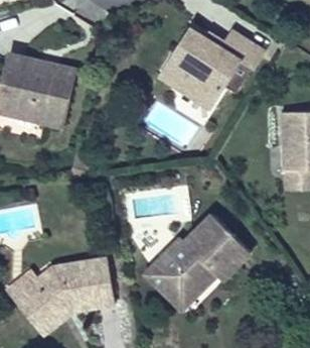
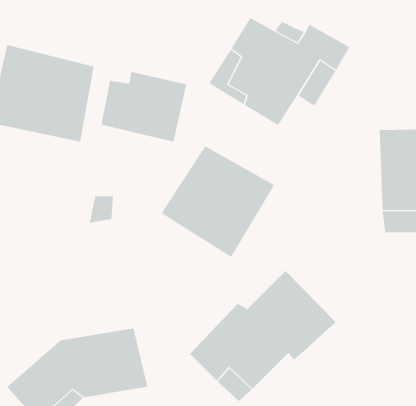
building: none -> [101,71,187,143]
building: none -> [161,145,275,258]

